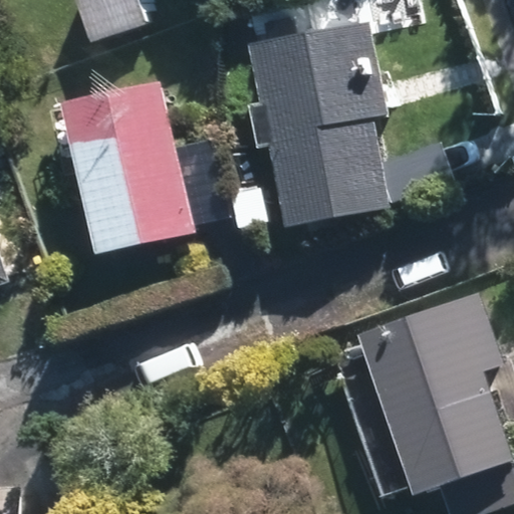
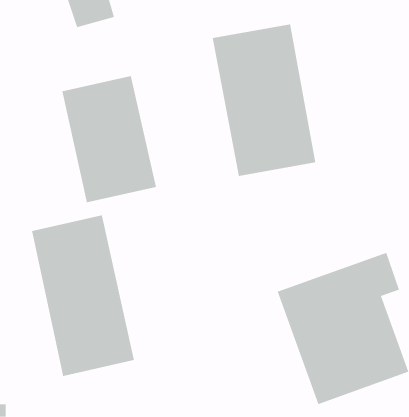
building: none -> [31,215,134,377]

